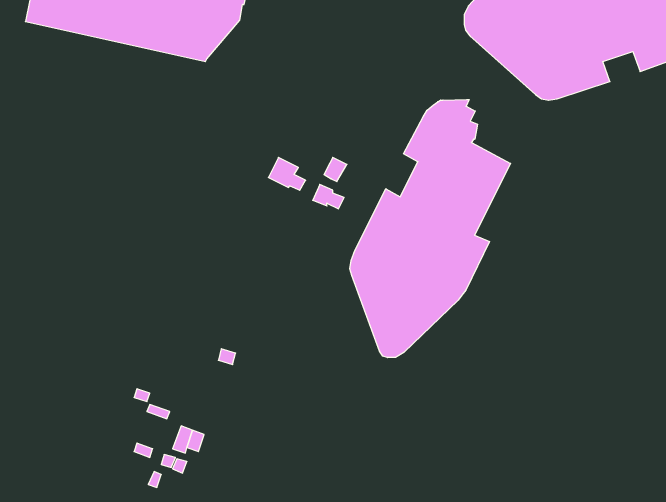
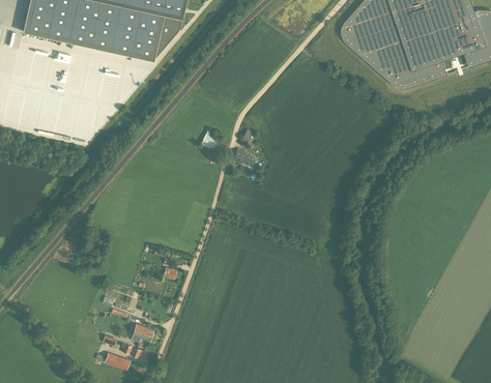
building: [350,100,511,358] -> none

